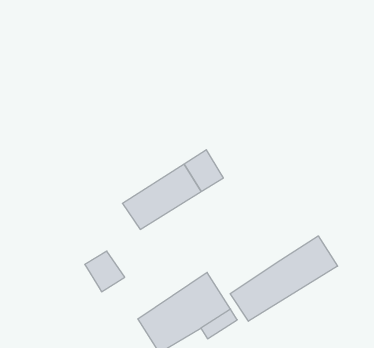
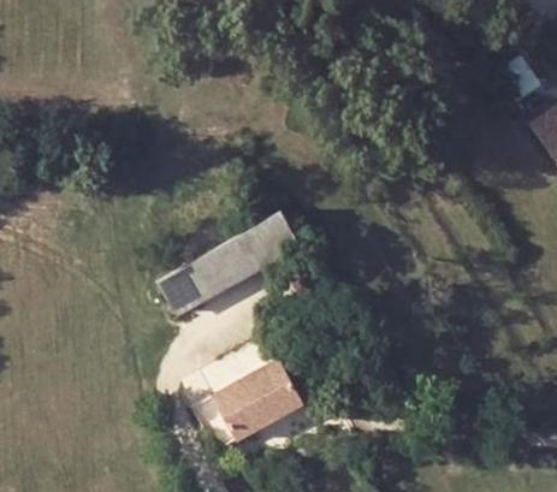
building: [230,236,338,321] -> none
building: [85,251,125,292] -> [158,266,205,314]

